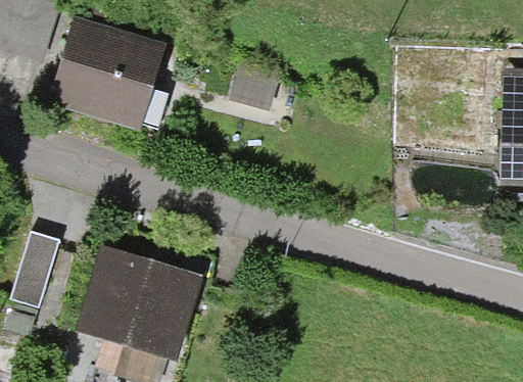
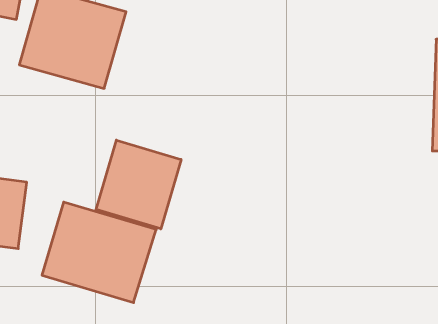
building: none -> [96,140,181,229]

